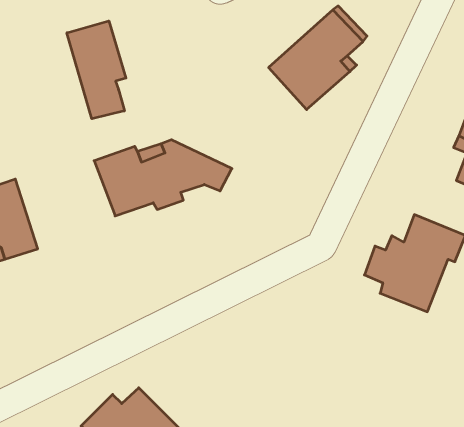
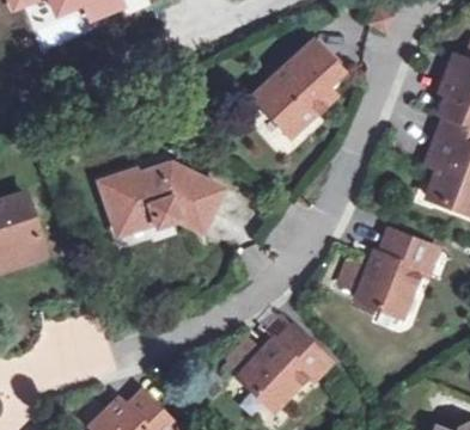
building: [67,21,126,119] -> none
building: none -> [226,325,328,406]

